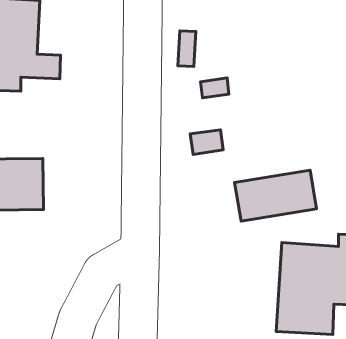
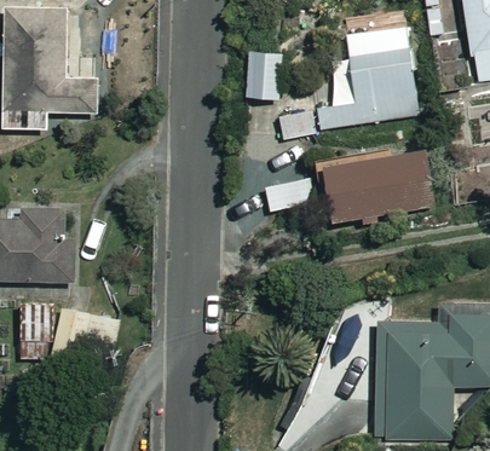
building: none -> [313,25,417,127]
building: [234,170,317,221] -> [325,154,431,219]

